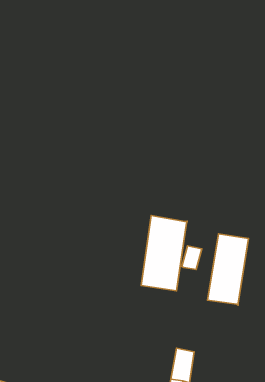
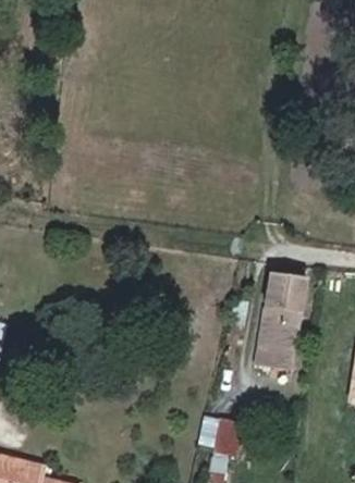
building: [141,215,187,291] -> none

